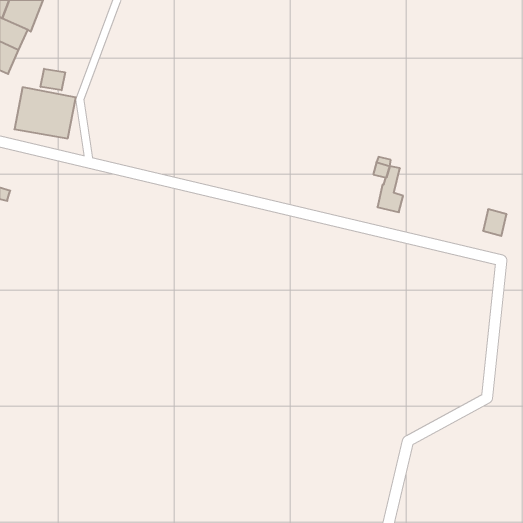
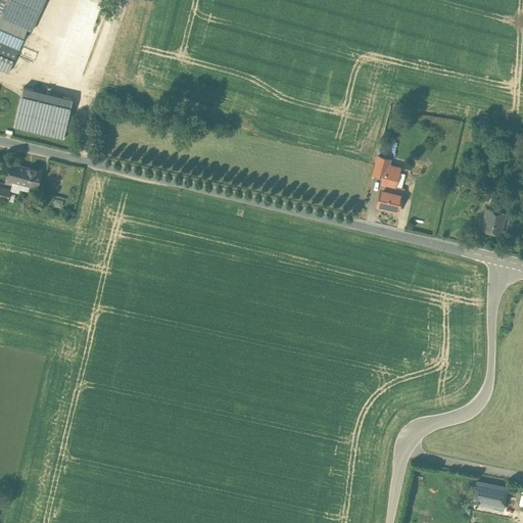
building: [41,69,65,90] -> none
building: none -> [6,163,41,189]
building: none -> [470,482,508,510]

